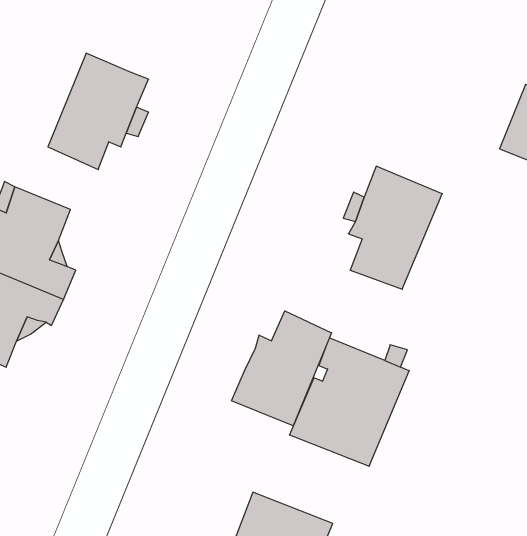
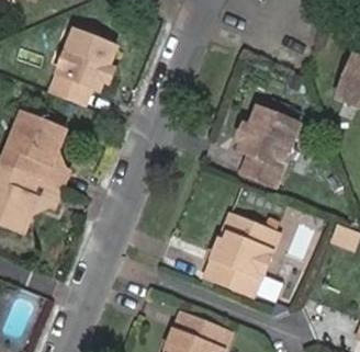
building: [232,311,331,426] -> none

